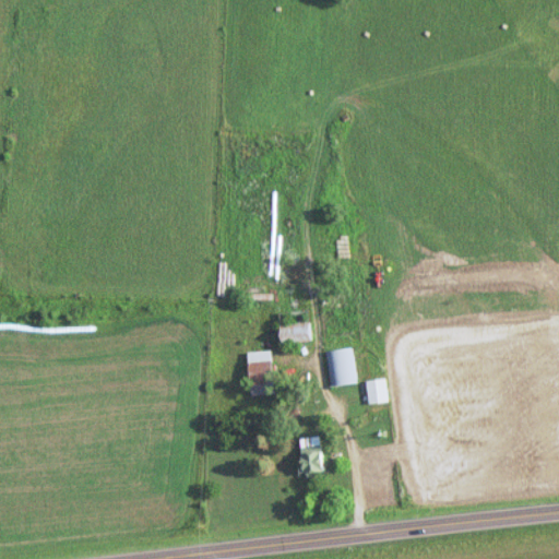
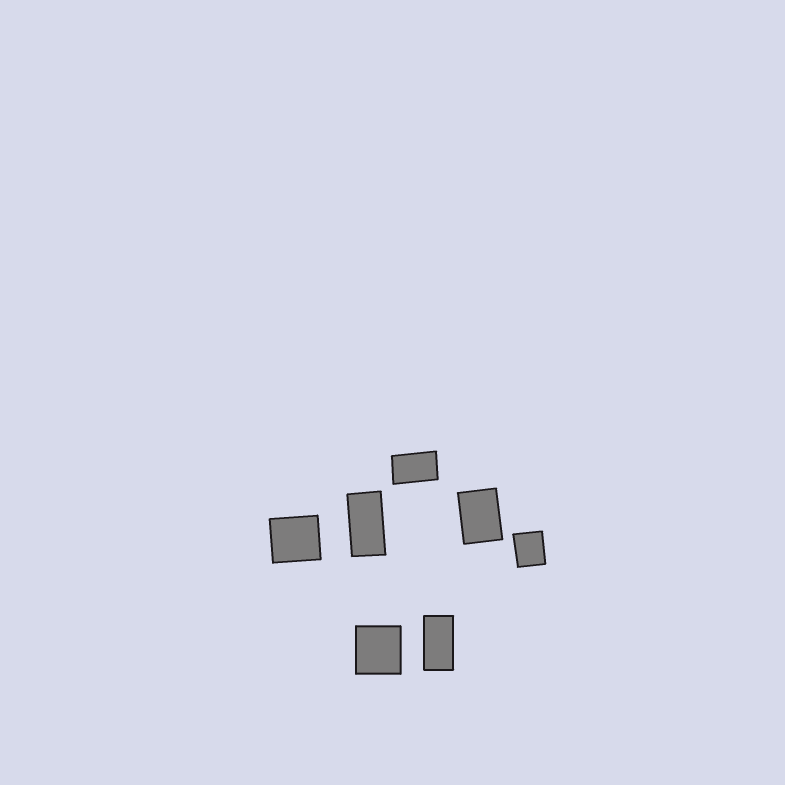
building: none -> [270,515,321,563]
building: none -> [356,626,401,674]

